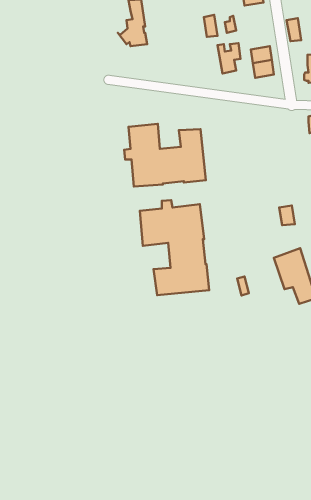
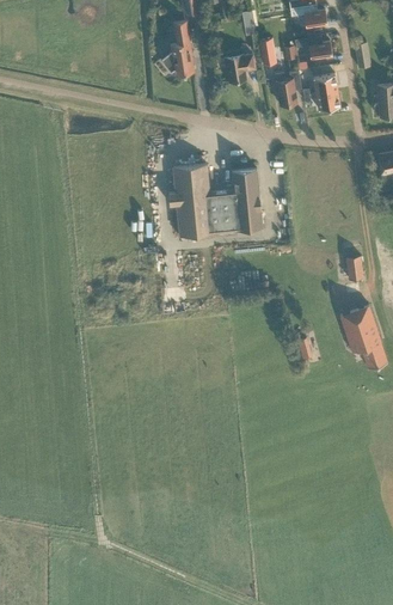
building: none -> [296,36,333,60]
building: none -> [227,55,256,82]
building: [140,200,209,295] -> none

